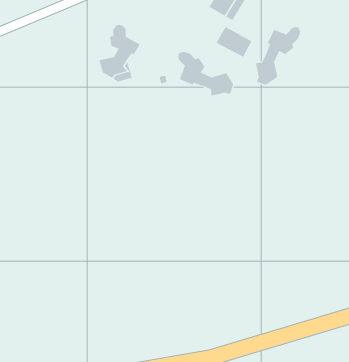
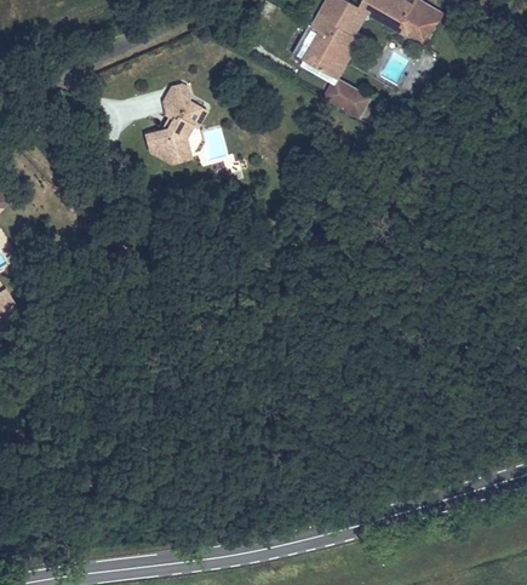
building: [256,27,300,85] -> none
building: [178,51,234,97] -> none

